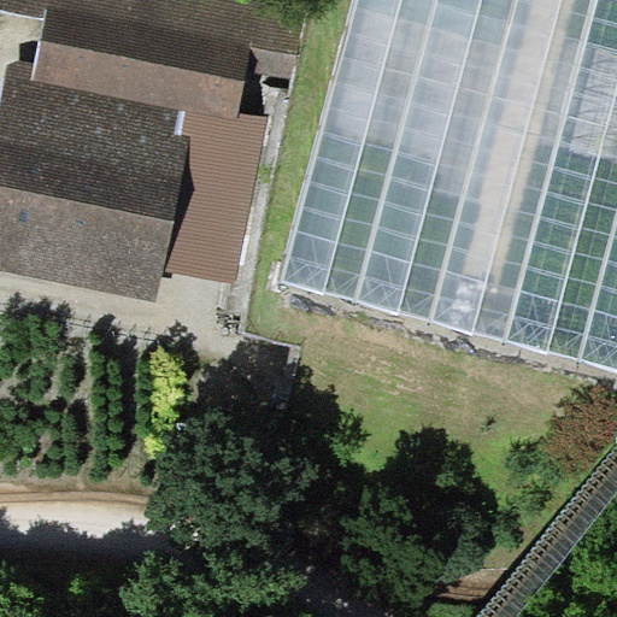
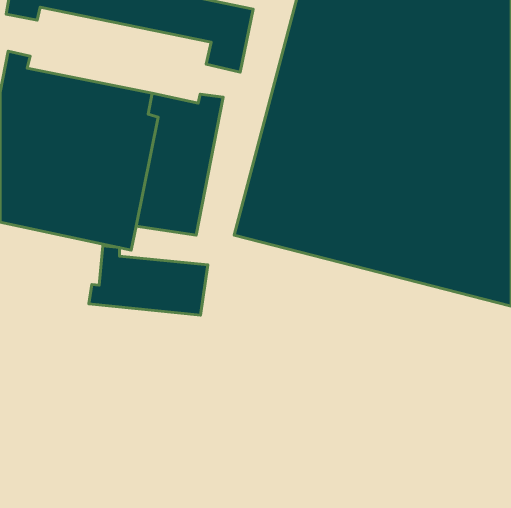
building: [33,8,254,124] -> none
building: none -> [89,246,208,315]

